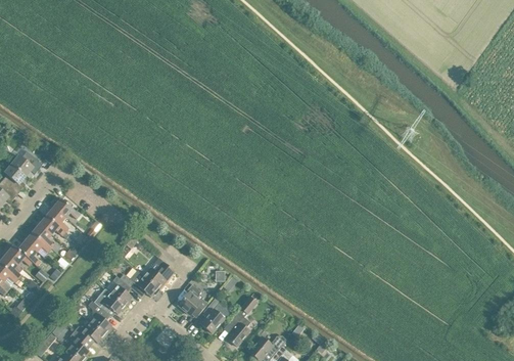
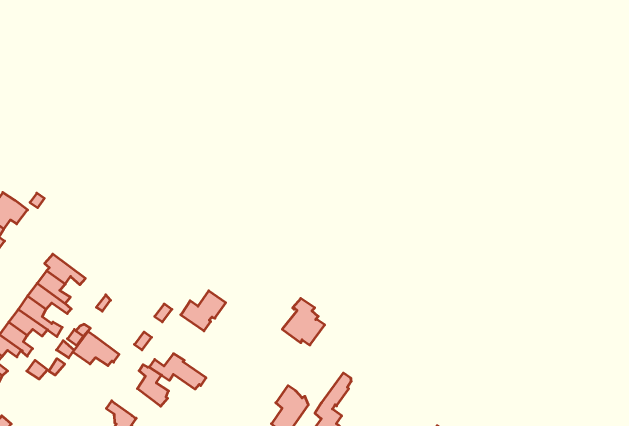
building: [142,262,174,289] -> [181,291,226,331]
building: [177,284,206,317] -> [282,298,325,345]
building: [93,289,125,314] -> [73,332,119,366]

